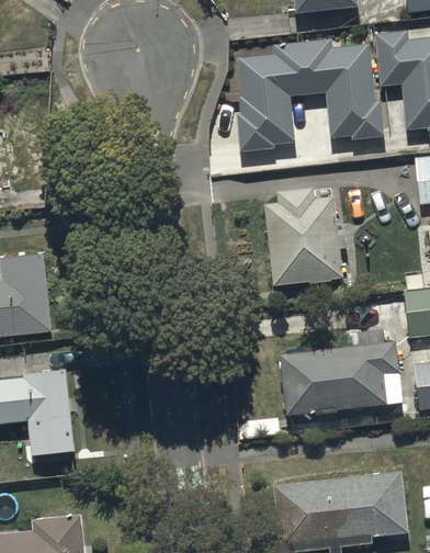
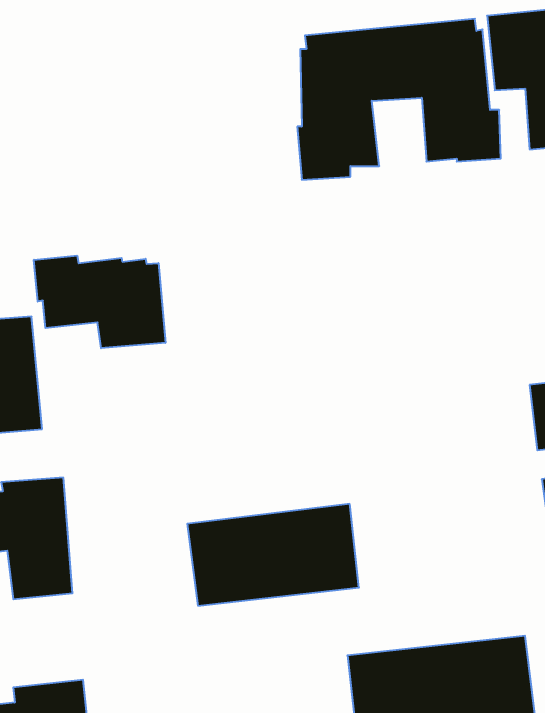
building: [263,185,341,283] -> none
building: none -> [34,256,165,348]
building: [279,350,403,424] -> [187,504,359,606]

